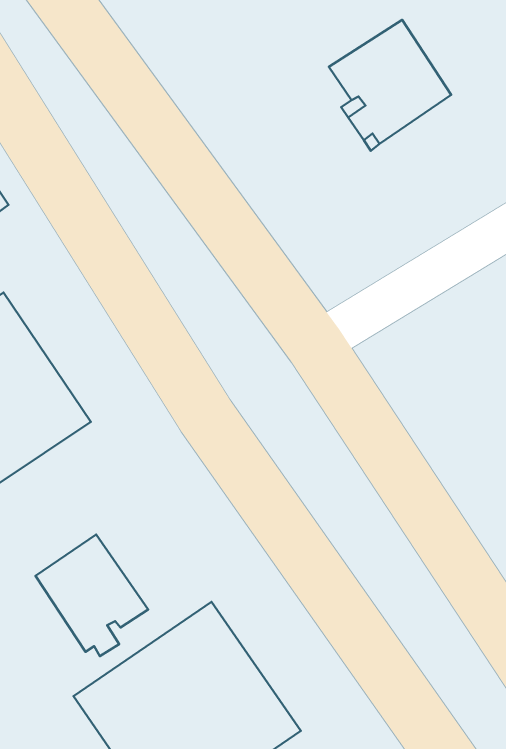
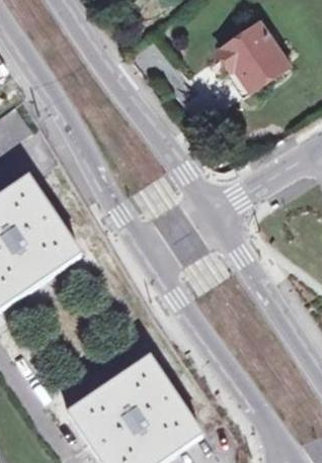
building: [36,534,148,656] -> none

